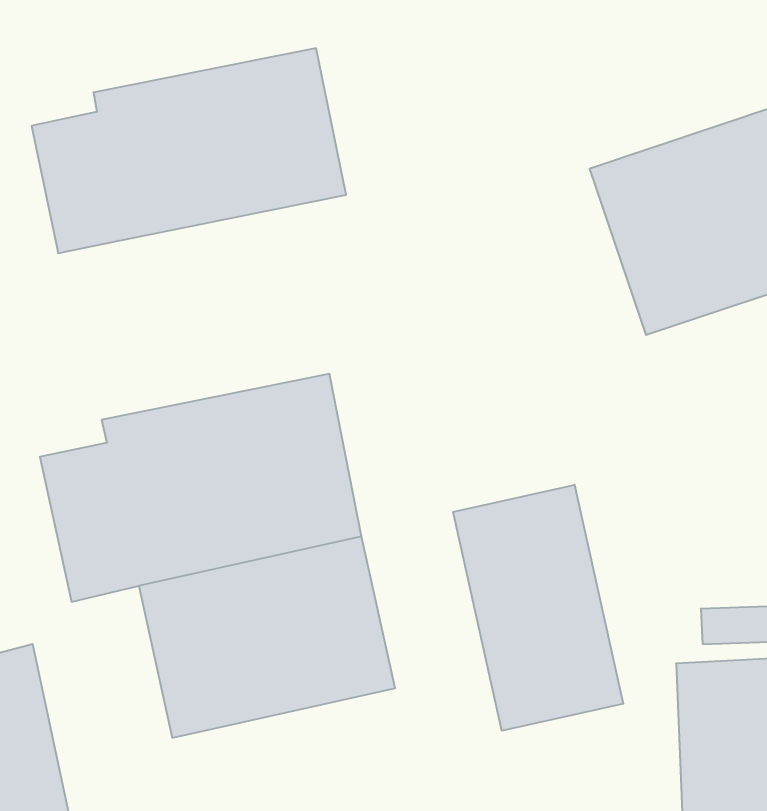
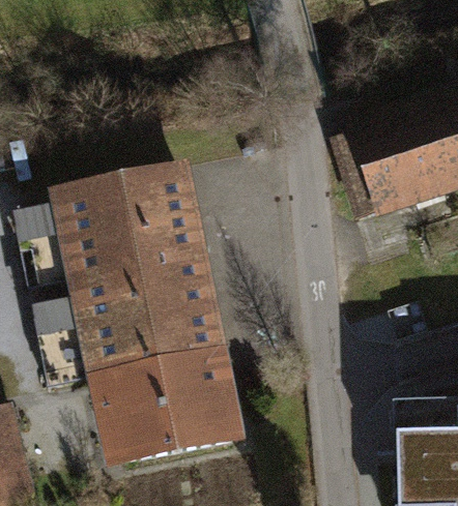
building: [32,48,346,253] -> [17,160,201,280]
building: [453,485,623,731] -> none

